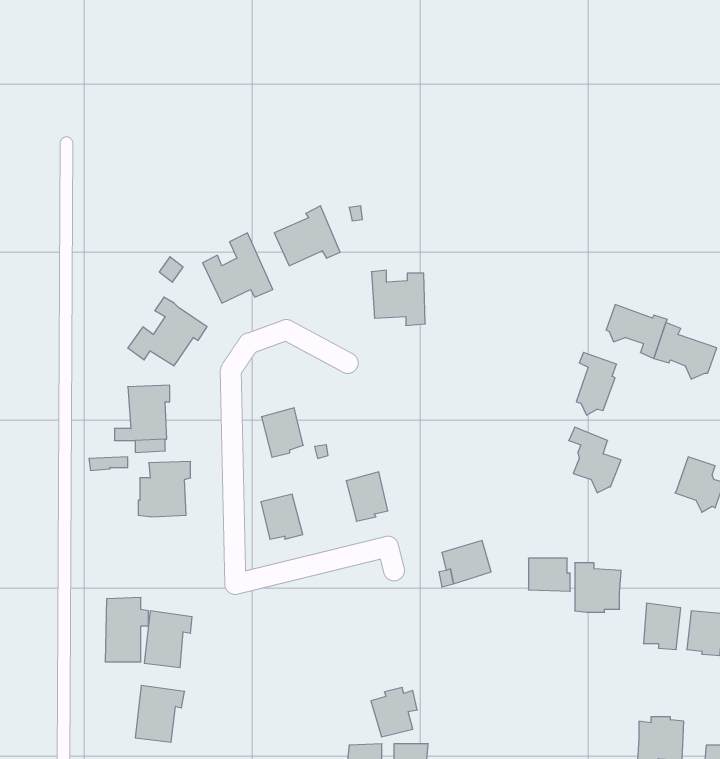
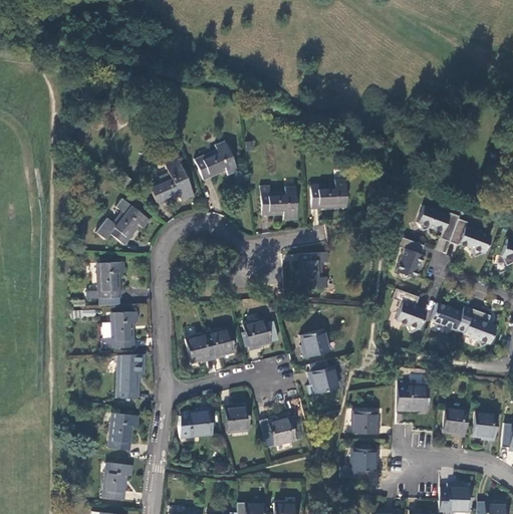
building: none -> [310,179,345,207]
building: none -> [298,252,327,289]
building: [261,408,303,457] -> [207,327,235,360]
building: none -> [432,302,473,332]
building: none -> [300,328,331,357]
building: [528,558,570,591] -> [351,412,379,434]
building: none -> [225,403,250,433]
building: [105,597,148,662] -> [116,354,146,398]
building: none -> [187,406,212,437]
building: none -> [351,449,379,471]
building: [371,687,417,737] -> [269,413,300,446]

